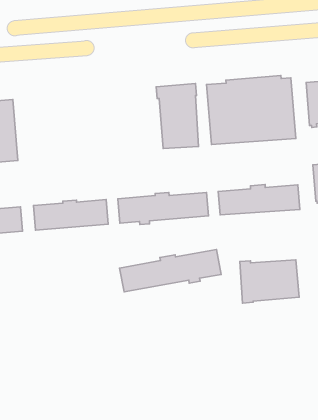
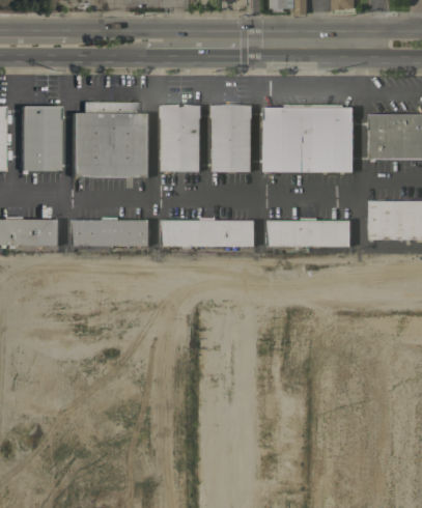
building: none -> [160,104,201,171]
building: none -> [72,103,148,177]
building: [120,250,221,292] -> none
building: [240,260,299,303] -> none

